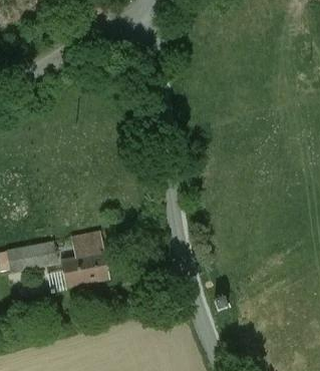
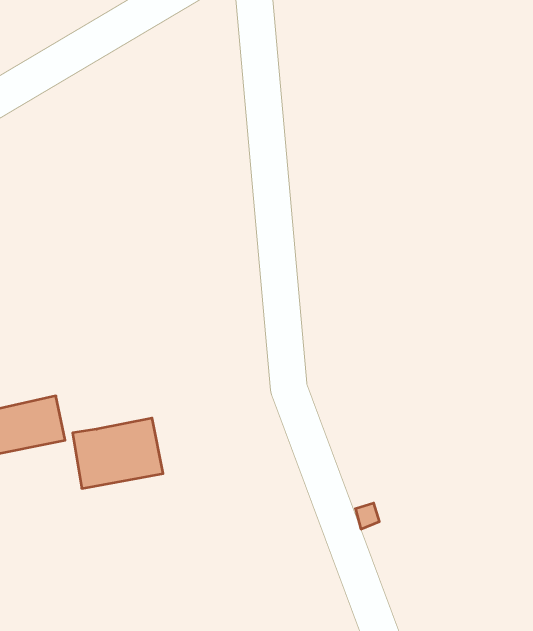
building: [70,230,104,257] -> none

